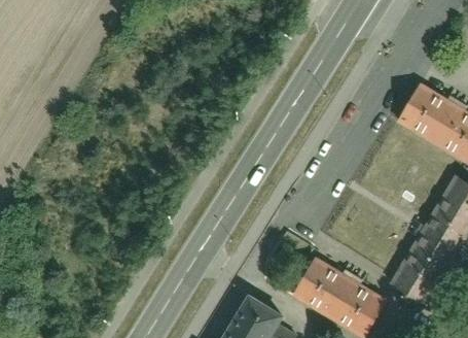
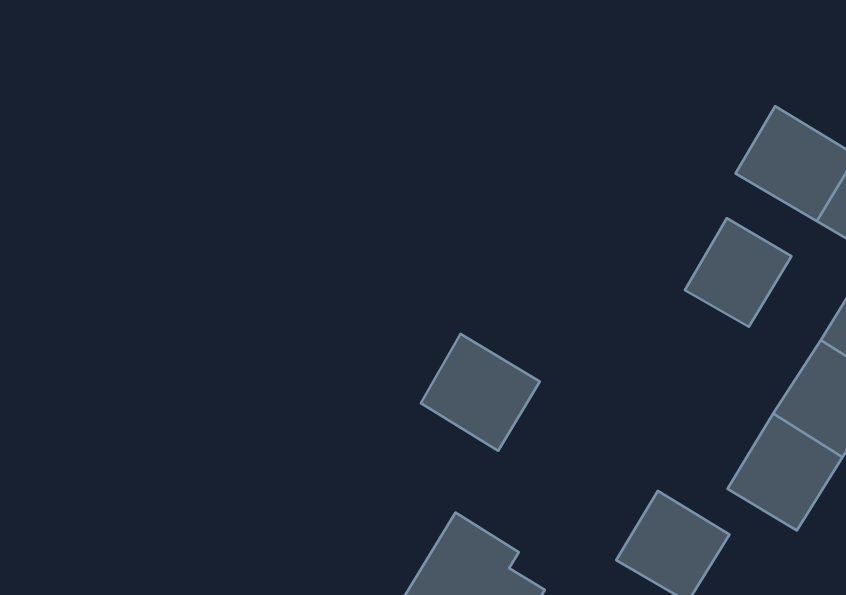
building: none -> [685,218,792,327]
building: [292,259,354,319] -> [421,334,540,451]

